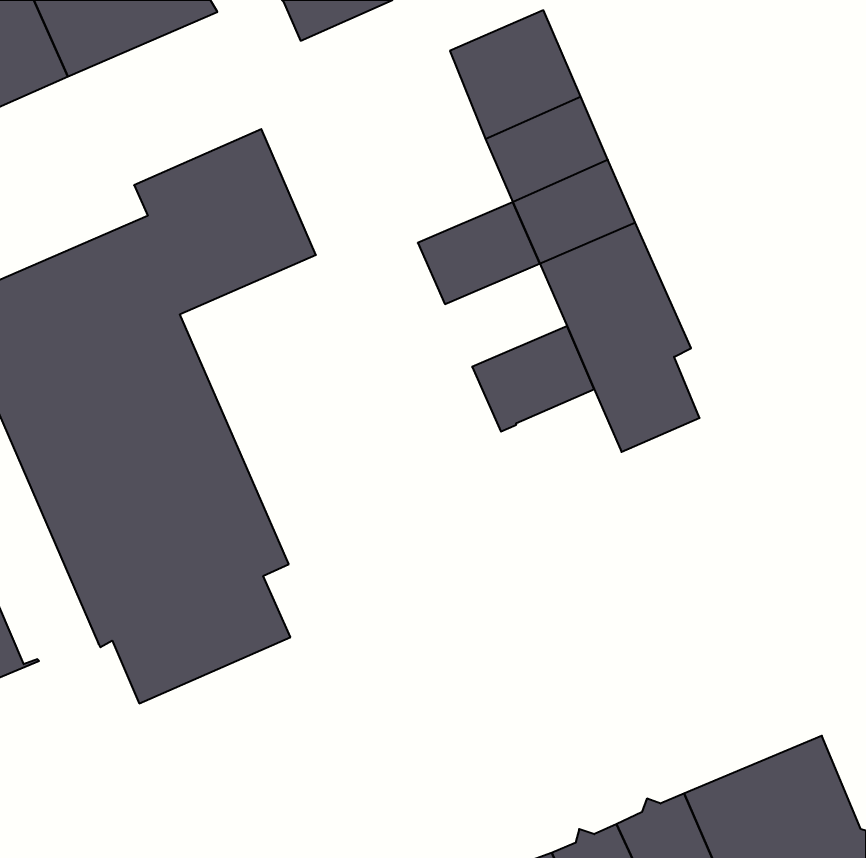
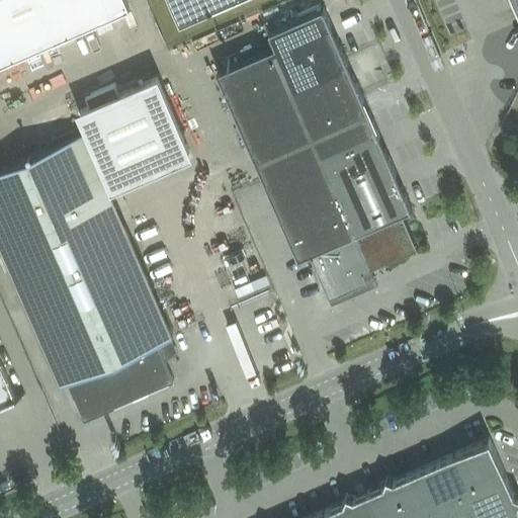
building: none -> [217,52,306,151]
building: none -> [265,163,338,225]
building: none -> [308,238,370,306]

